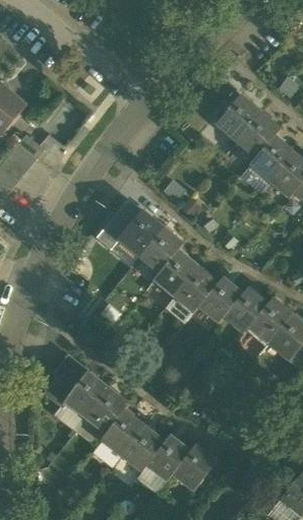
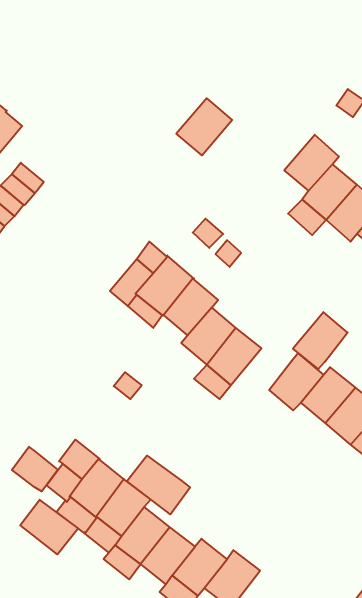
building: [216,93,260,139] -> [176,98,232,155]
building: [198,275,242,321] -> [293,312,348,369]
building: none -> [12,447,58,491]
building: none -> [127,456,190,514]
building: none -> [20,500,78,554]

